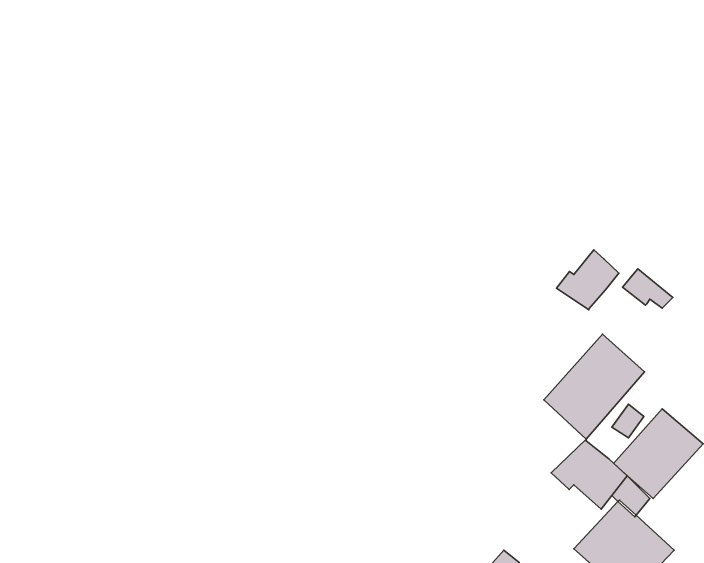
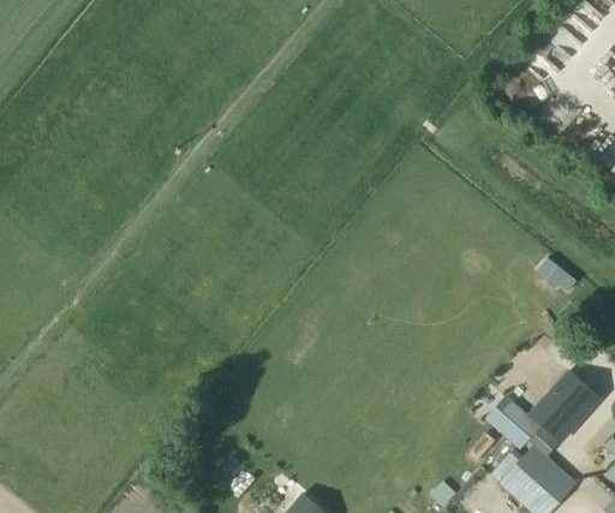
building: [556,250,619,310] -> none
building: [544,334,644,439] -> none

